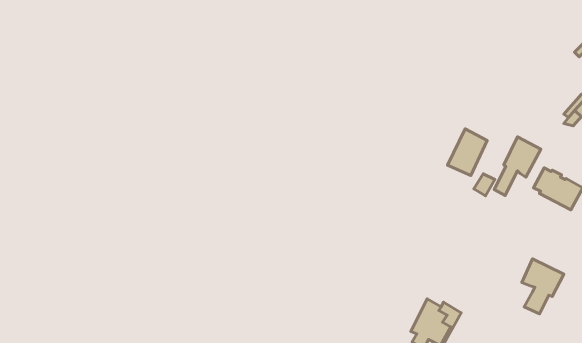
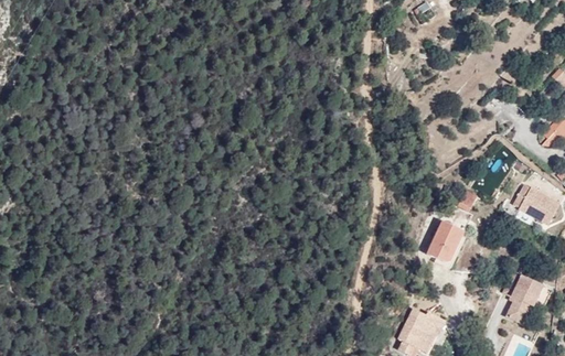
building: [448,129,487,176] -> [426,219,463,263]
building: [494,137,541,196] -> none

